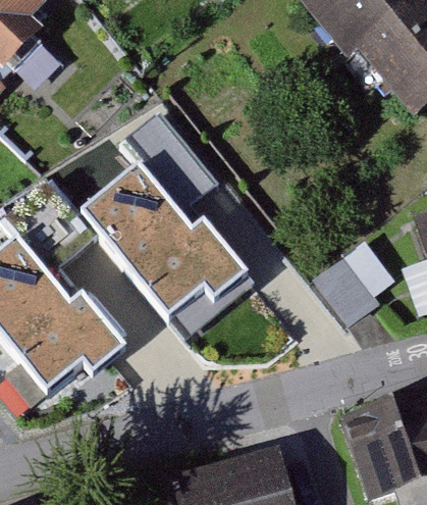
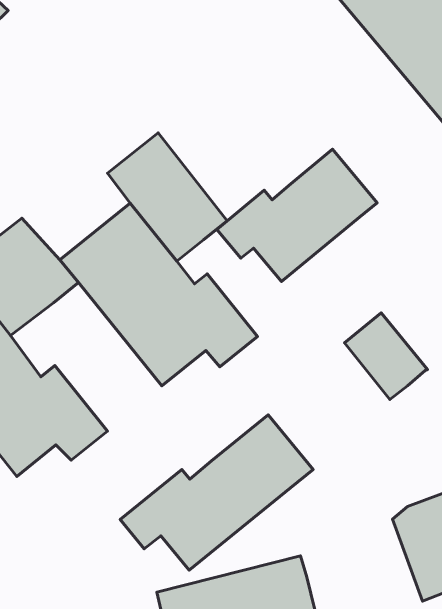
building: none -> [217,149,377,282]
building: none -> [120,415,313,570]

